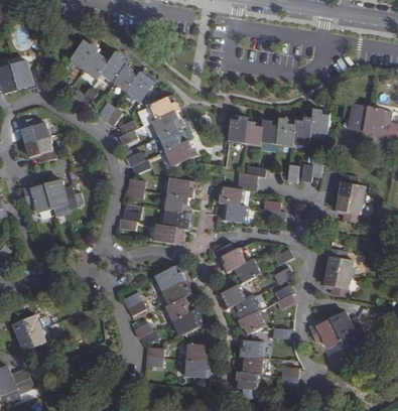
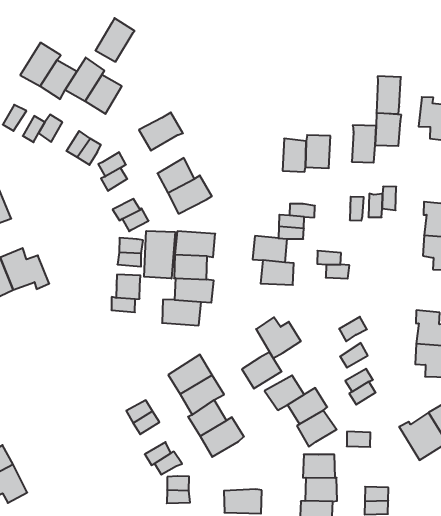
building: [126,72,154,102] -> [95,18,135,62]
building: [151,112,181,137] -> none
building: [229,115,248,143] -> none
building: [277,119,296,146] -> [376,76,401,114]
building: none -> [144,231,175,279]
building: [234,259,261,283] -> [242,352,282,389]
building: [184,344,208,362] -> none

